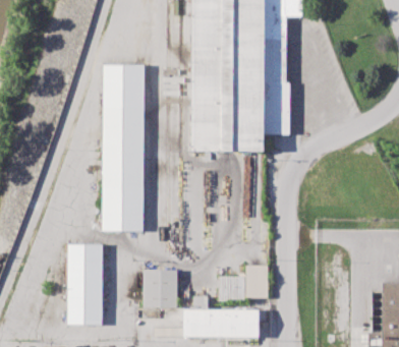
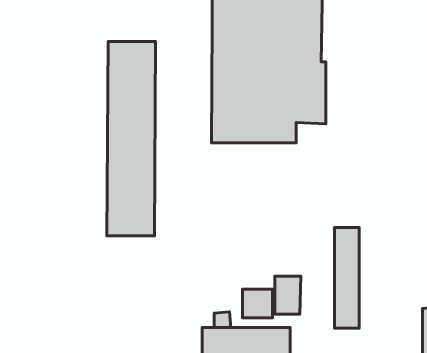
building: none -> [335,227,359,328]
building: [67,244,102,325] -> none
building: [142,270,177,308] -> none

